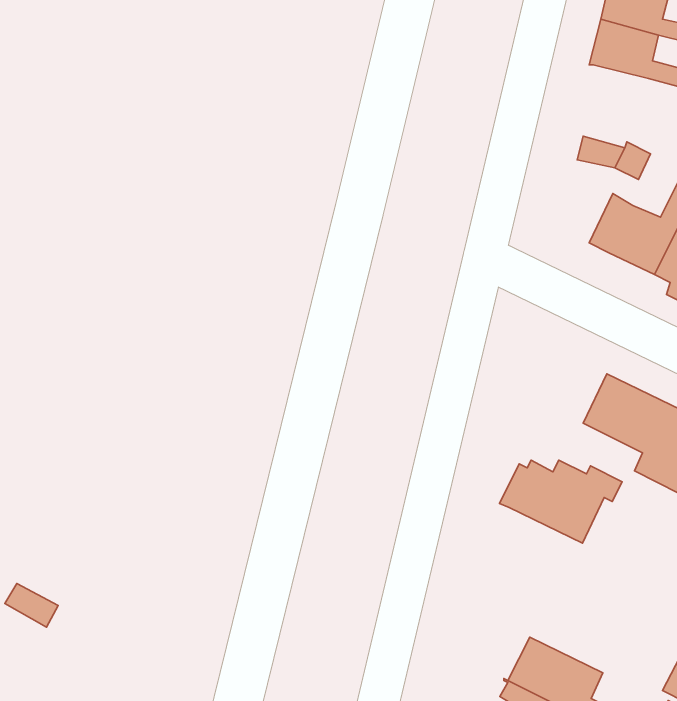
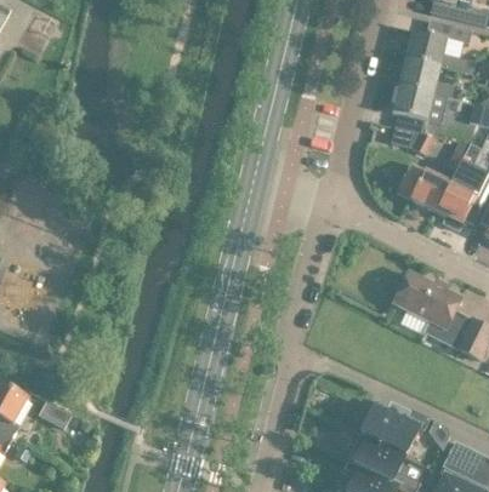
building: none -> [391,84,440,122]
building: [499,460,622,543] -> [354,405,430,456]

